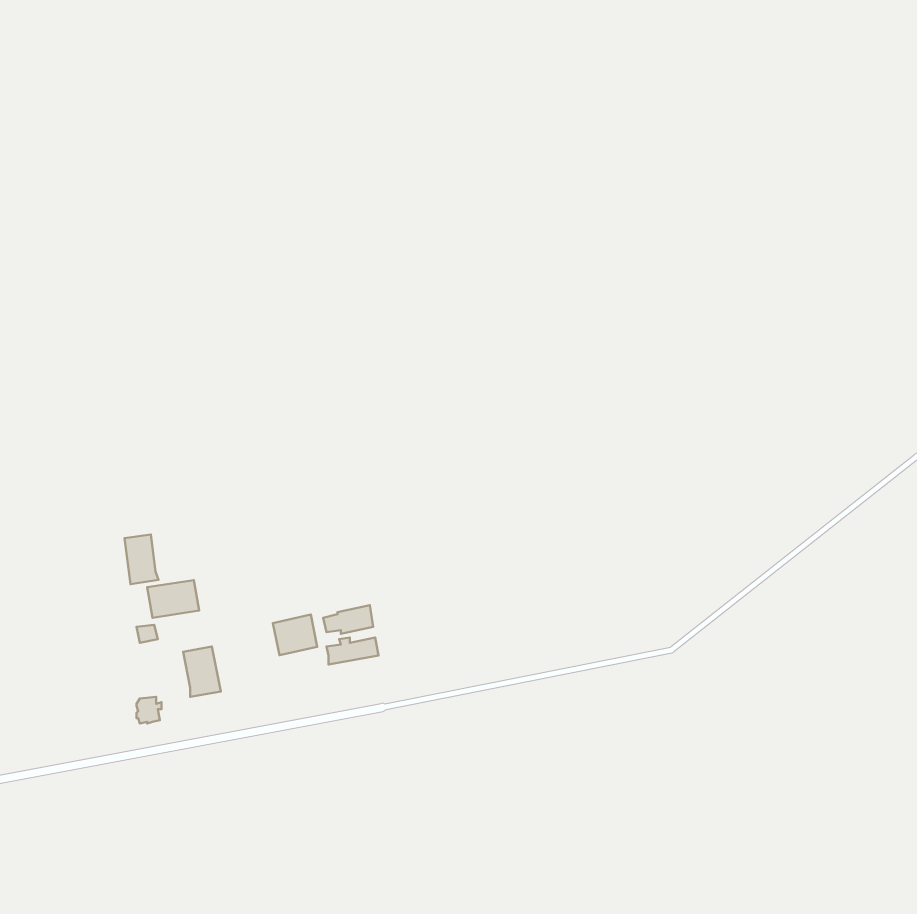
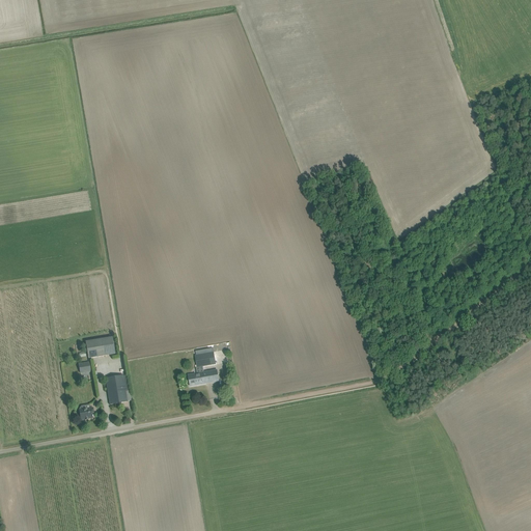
building: [124,534,158,584] -> none
building: [273,615,317,655] -> none

